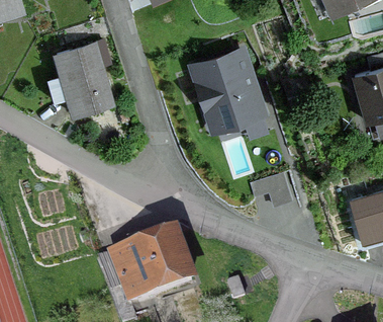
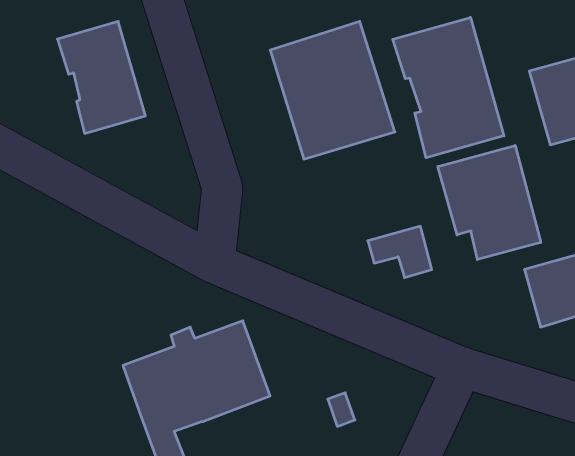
building: none -> [393,17,504,158]
building: none -> [438,145,541,260]

